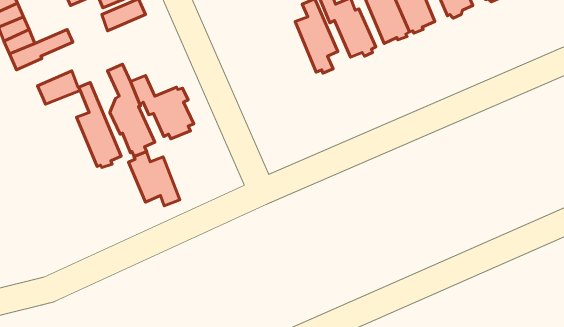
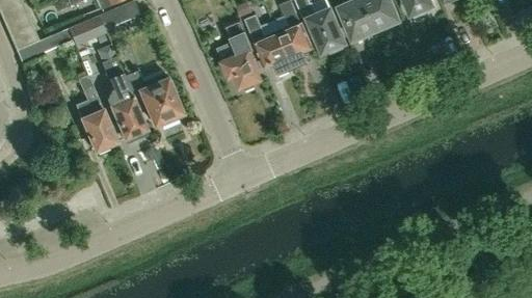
building: none -> [244,13,291,75]
building: none -> [221,20,261,89]
building: [37,71,80,104] -> [66,13,105,44]
building: [128,152,180,206] -> none

